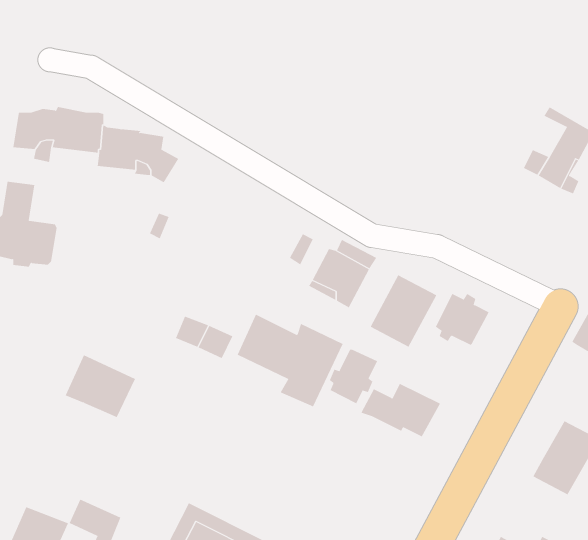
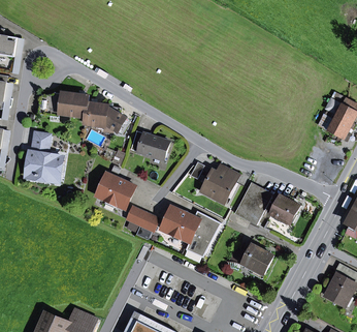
building: none -> [130,130,169,159]
building: [329,349,378,404] -> none
building: [65,354,136,418] -> [96,173,135,208]

